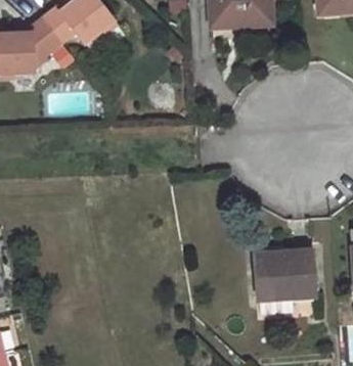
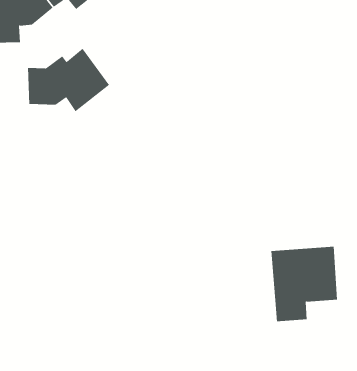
building: none -> [28,48,110,112]

